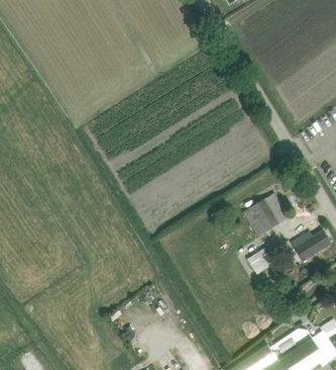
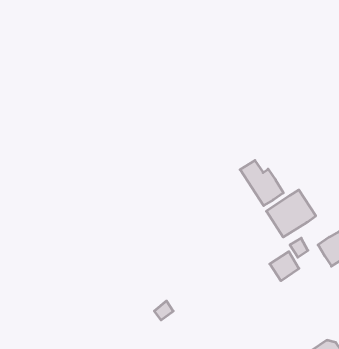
building: none -> [240,160,283,206]

